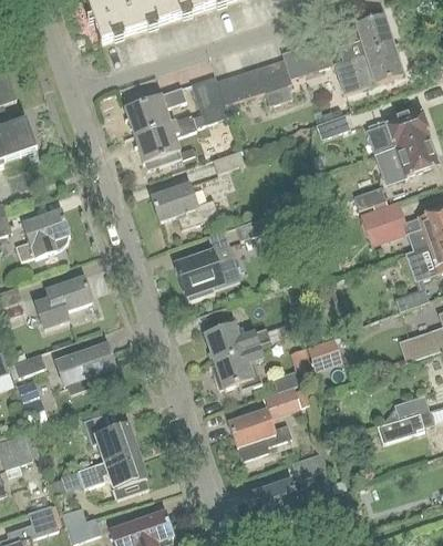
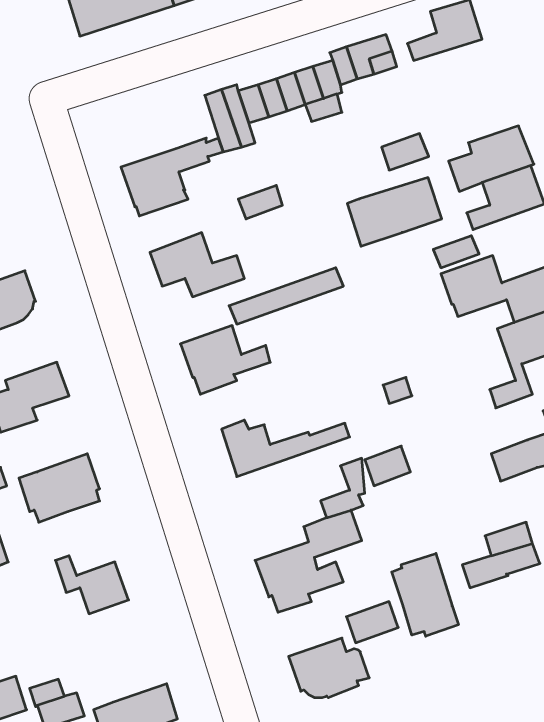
building: [333,42,402,92] -> [347,178,442,246]
building: [121,86,186,135] -> none
building: [210,344,262,389] -> none
building: none -> [392,553,458,636]
building: [80,450,147,497] -> none

